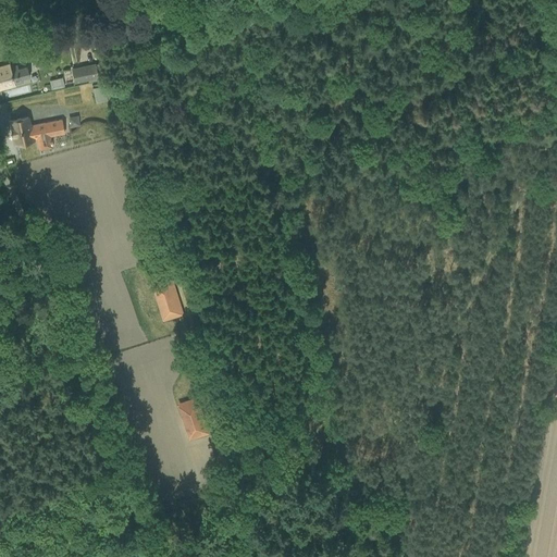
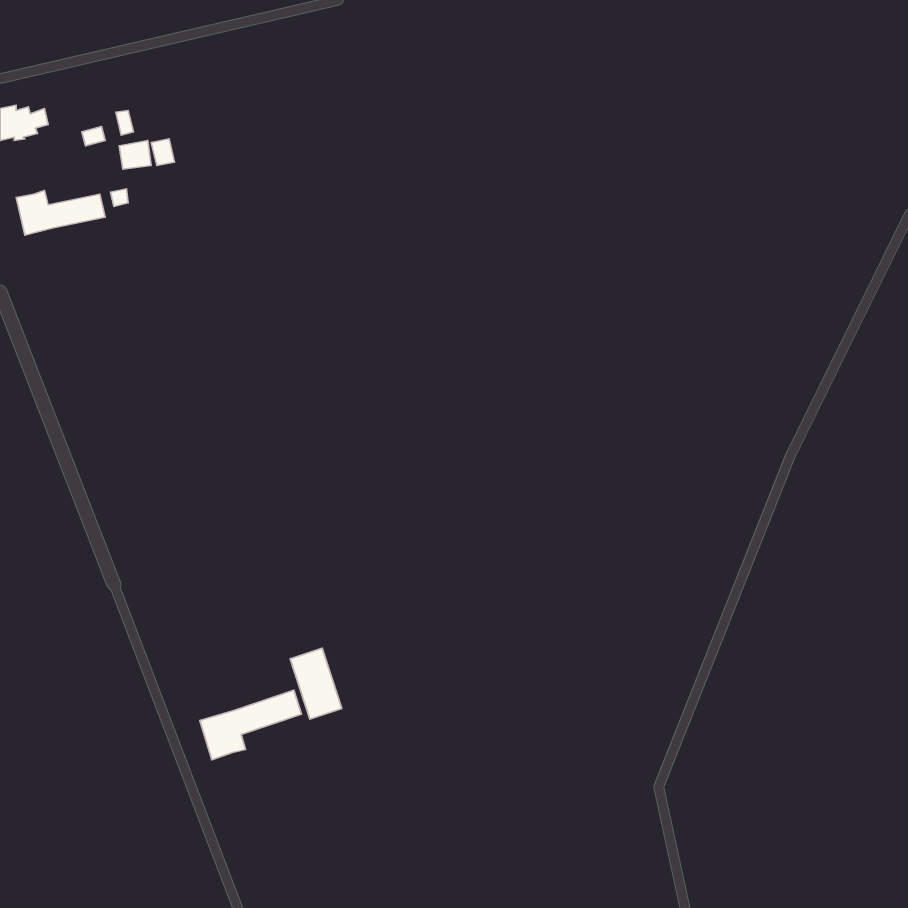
building: [152,277,184,321] -> none
building: none -> [200,690,302,760]

